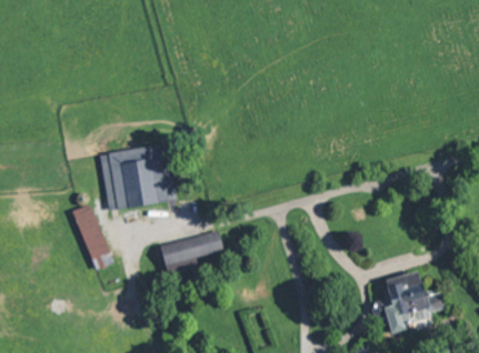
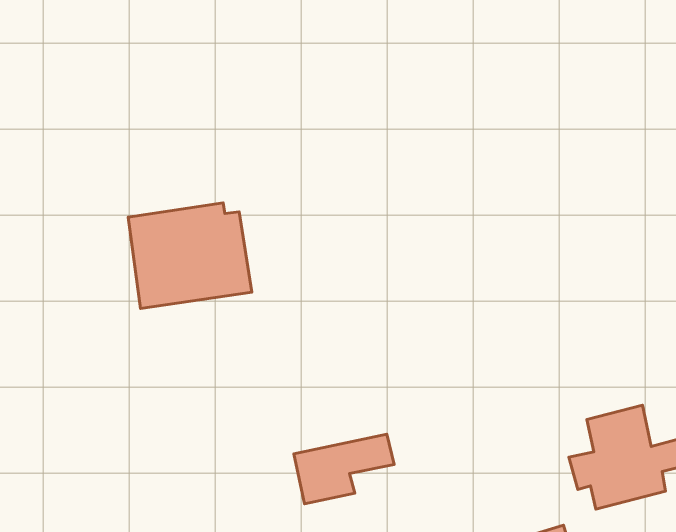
building: [72,204,113,271] -> none
building: [161,232,223,275] -> [294,434,394,504]

